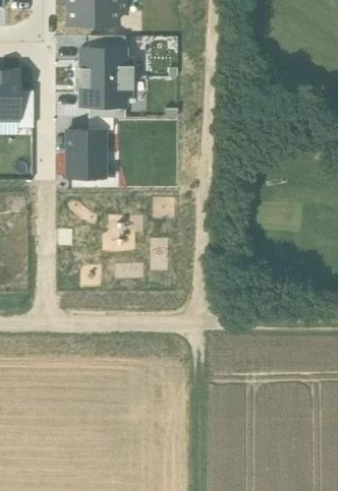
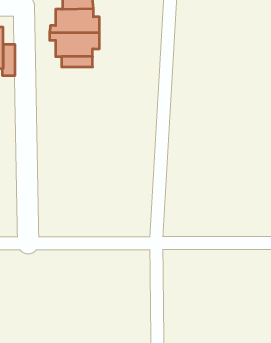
building: [67,129,103,176] -> none

